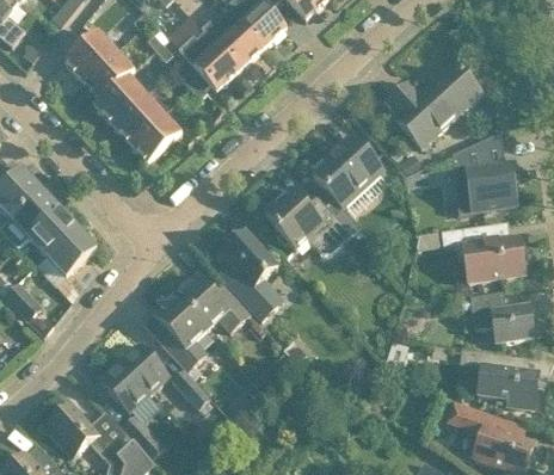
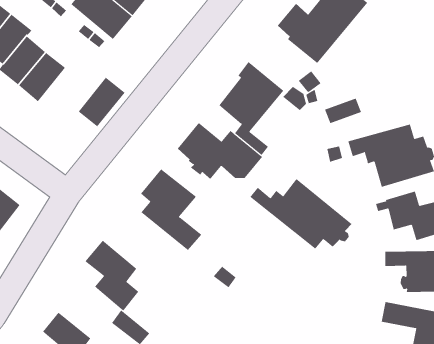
building: [130,113,181,164] -> [78,77,125,127]
building: [453,131,516,211] -> none
building: none -> [249,178,353,249]
building: [176,276,250,331] -> none
building: [119,344,170,394] -> none

